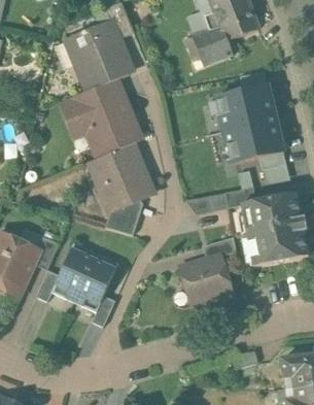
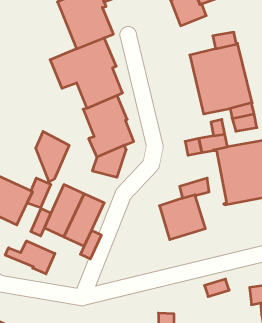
building: none -> [36,131,69,182]
building: none -> [5,241,55,274]

